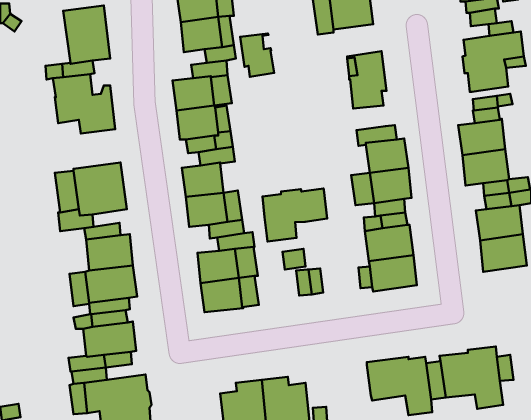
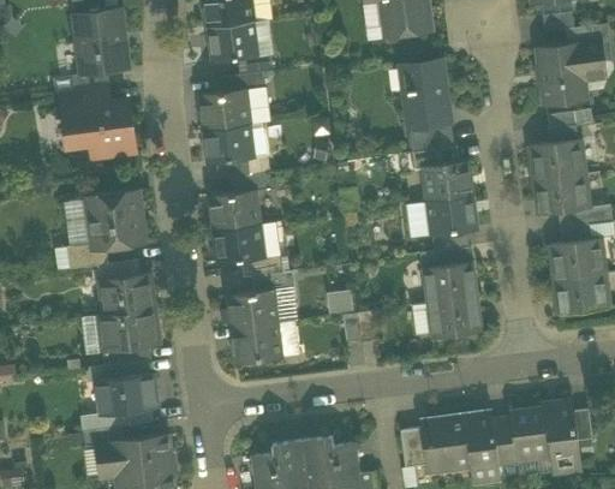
building: [240,33,274,77] -> none
building: none -> [408,124,446,153]
building: [263,188,327,242] -> none
building: none -> [396,424,429,463]

